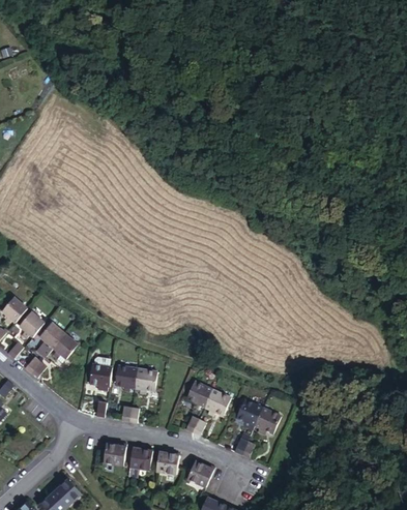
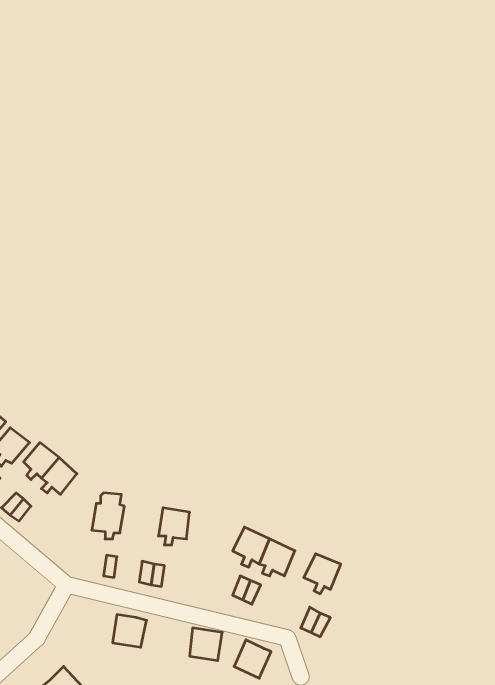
building: [114,365,138,391] -> none
building: [255,407,280,433] -> none
building: [129,447,152,470] -> none

